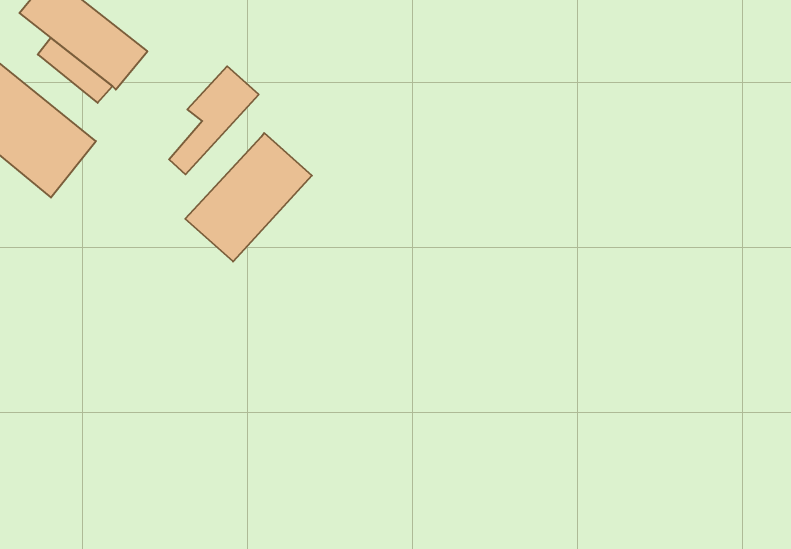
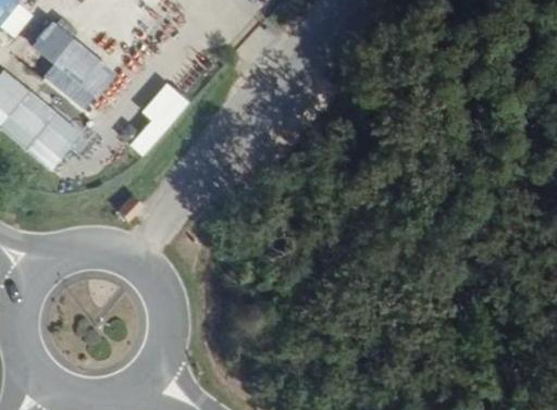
building: [185,133,312,262] -> none

